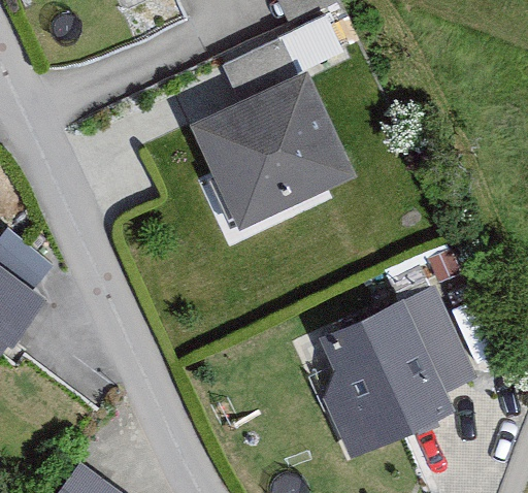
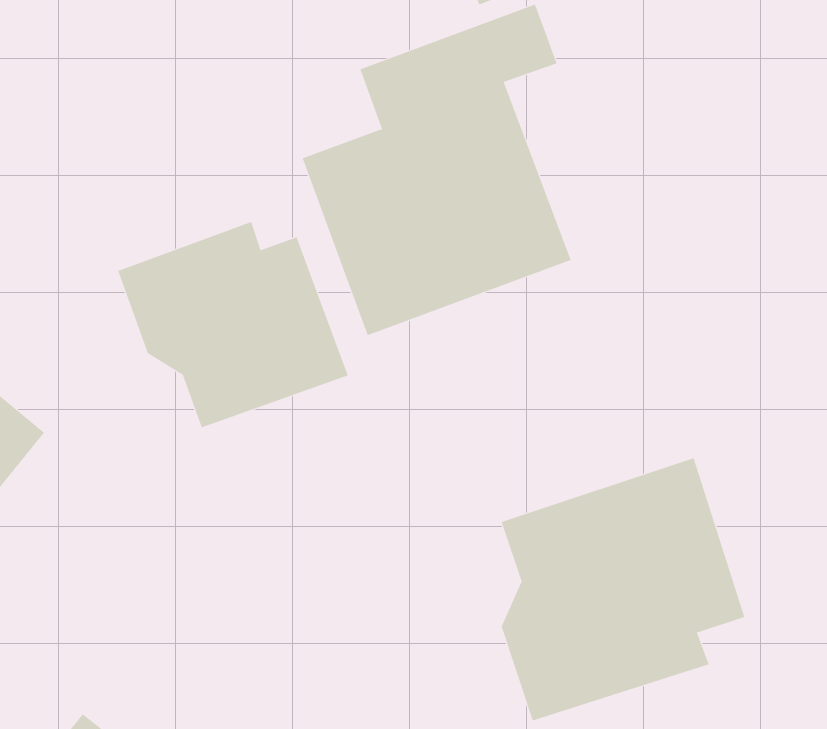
building: none -> [118,221,348,428]

